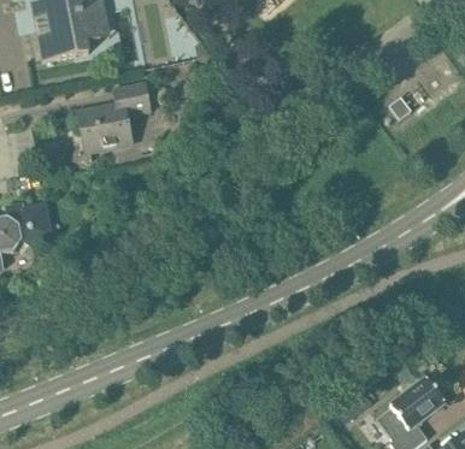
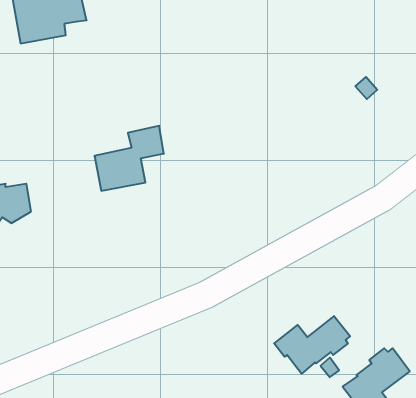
building: [77,83,149,150] -> [94,126,164,191]
building: none -> [274,316,350,374]

